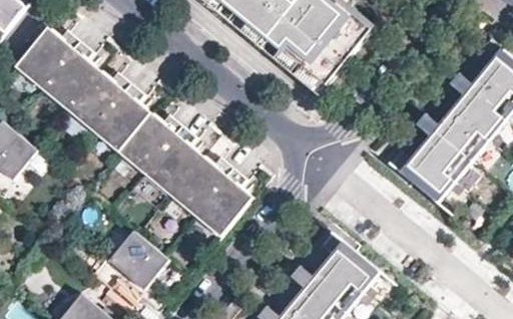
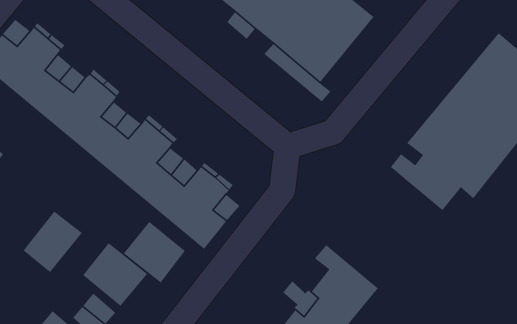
building: none -> [23,211,83,273]
building: none -> [123,221,186,283]

